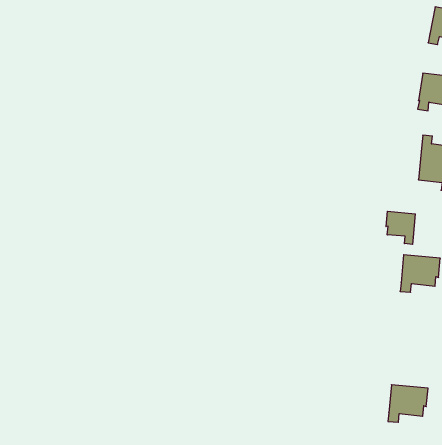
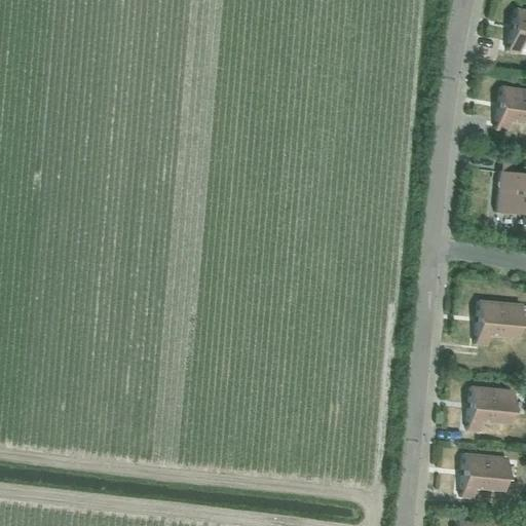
building: [386,211,415,244] -> none
building: none -> [467,386,515,430]

